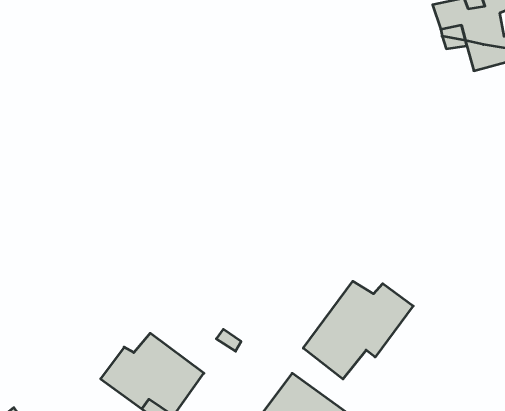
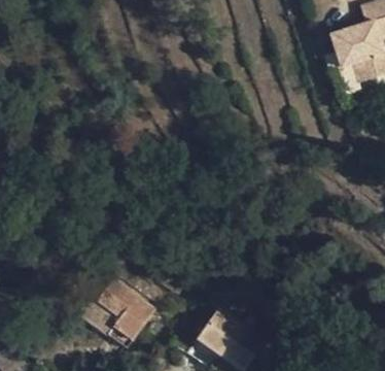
building: [303,281,413,379] -> none

